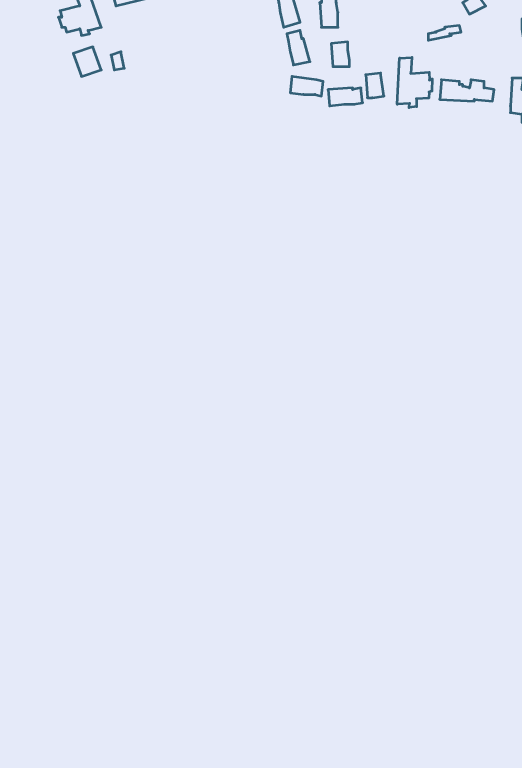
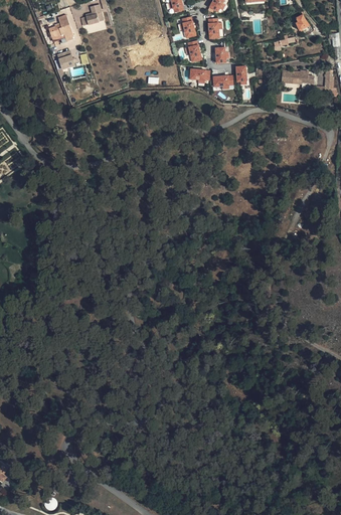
building: [397,57,432,108] -> none

